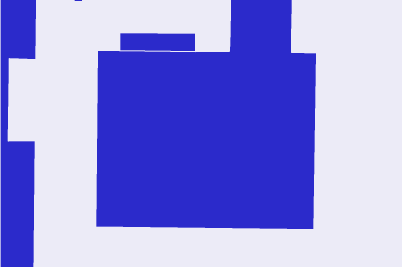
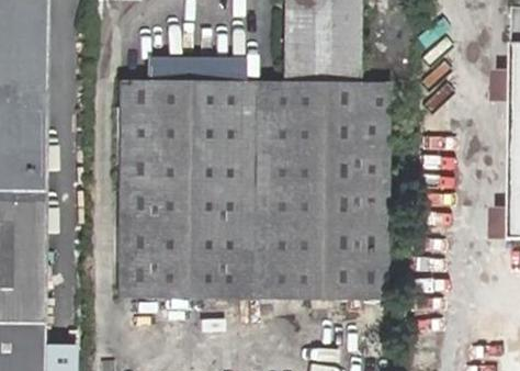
building: none -> [11,91,45,192]

